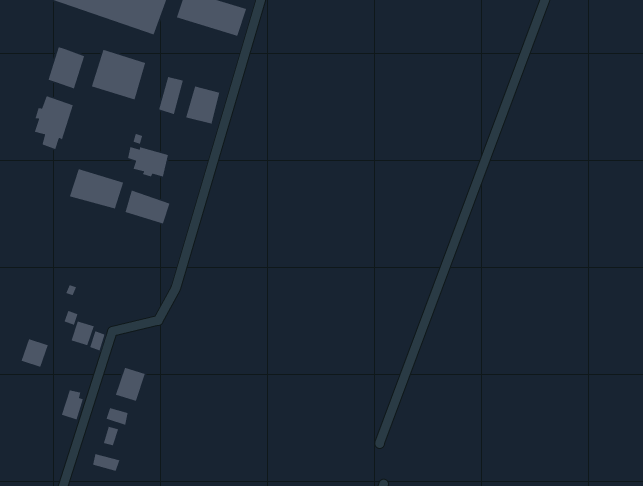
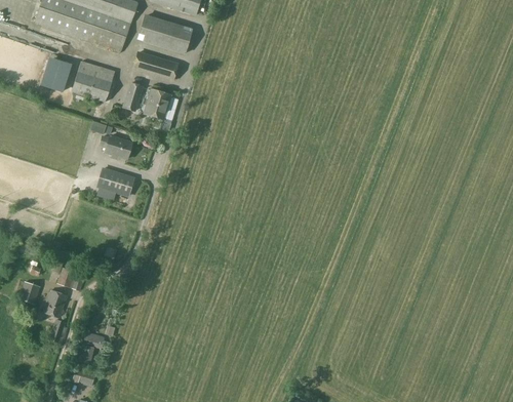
building: none -> [132,52,177,81]
building: [34,95,74,150] -> none
building: [69,168,124,210] -> none
building: [115,367,146,402] -> [43,290,67,317]

